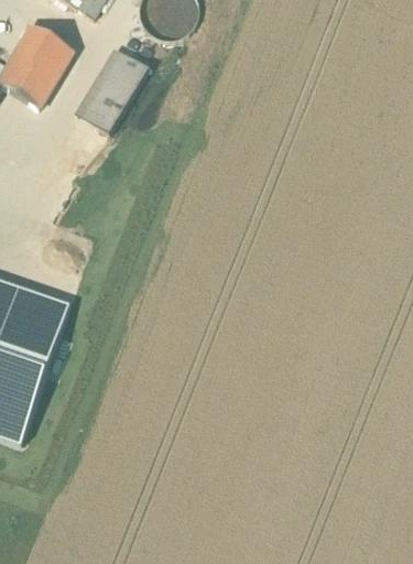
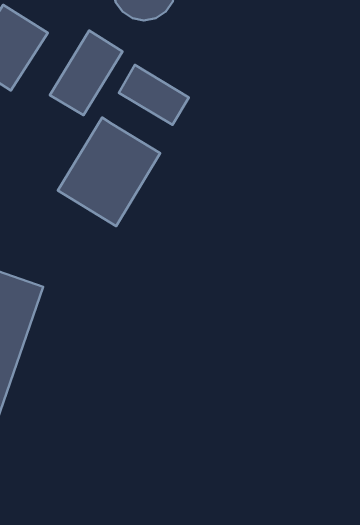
building: none -> [119,65,189,125]
building: none -> [58,117,160,226]

